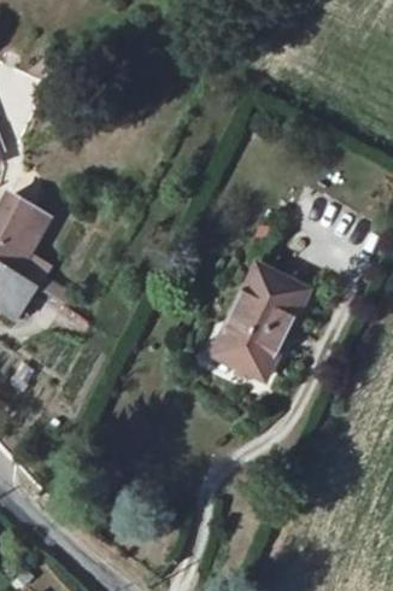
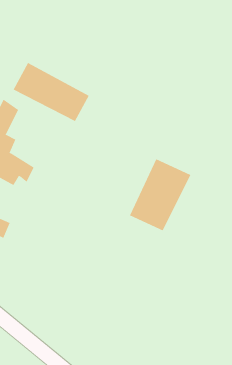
building: none -> [13,62,90,122]

